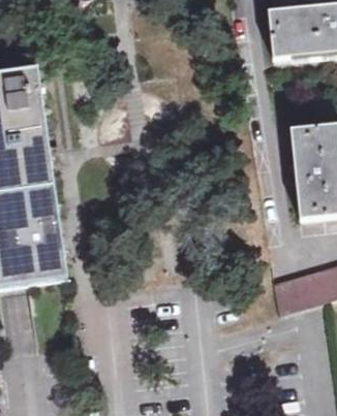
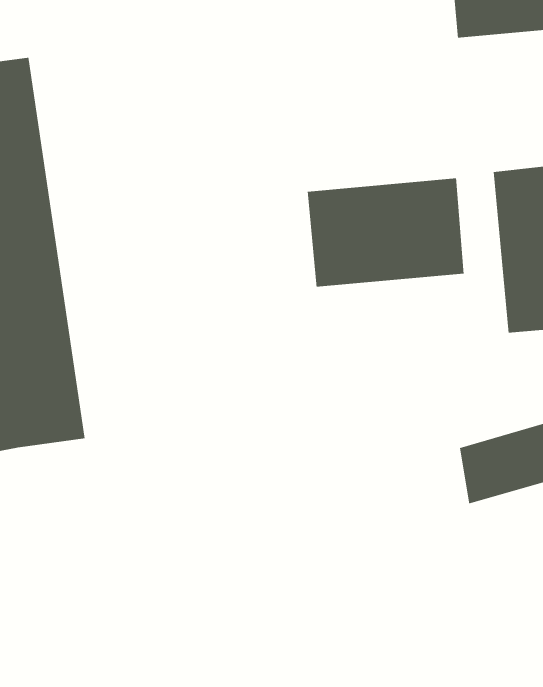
building: none -> [307,178,464,288]

